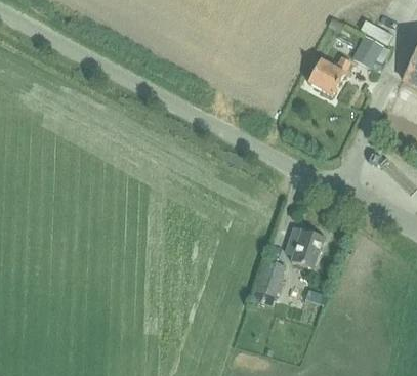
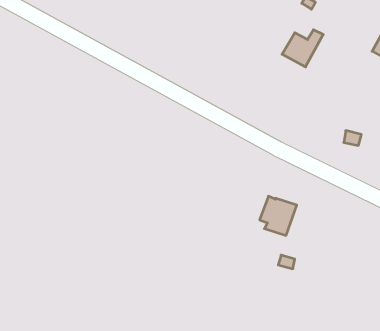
building: [353,35,383,68] -> none
building: [256,261,285,298] -> none

